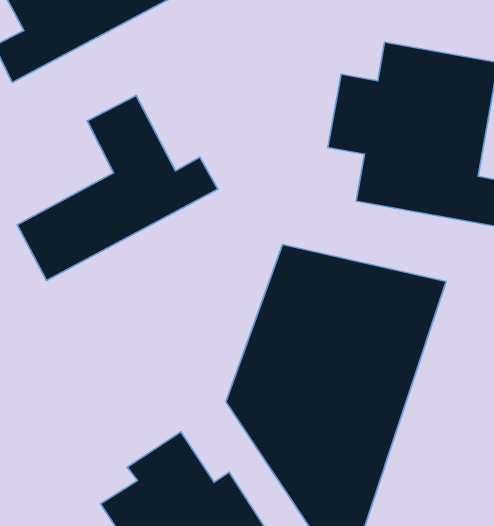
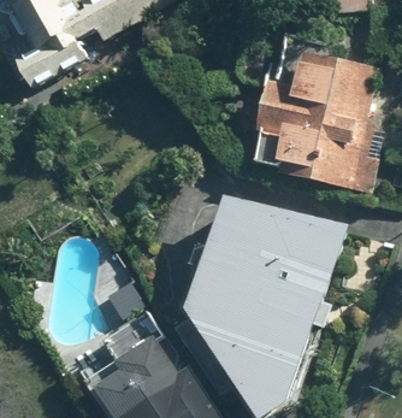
building: [17,95,218,281] -> none

